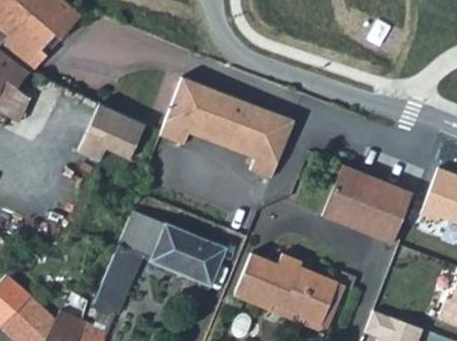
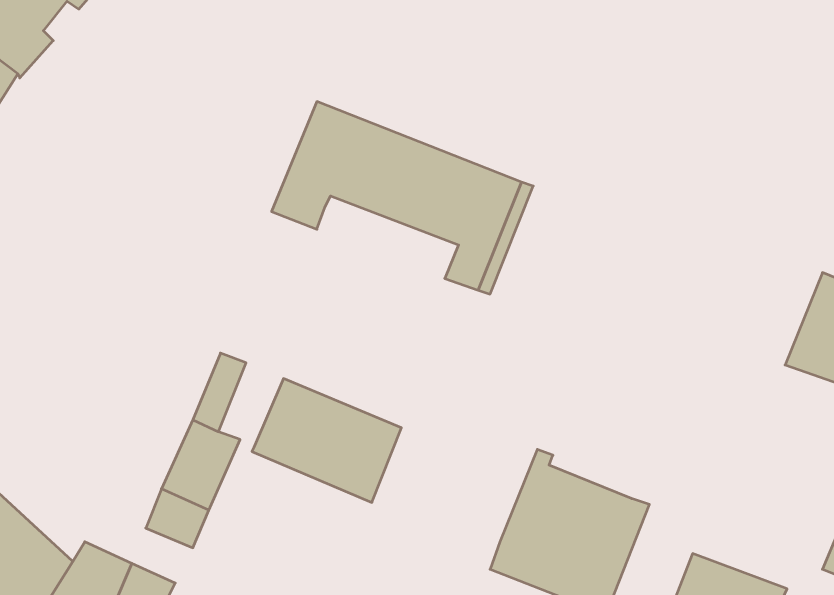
building: [81,106,147,163] -> none
building: [321,165,412,243] -> none
building: [131,214,164,257] -> none
building: [232,253,295,320] -> none

